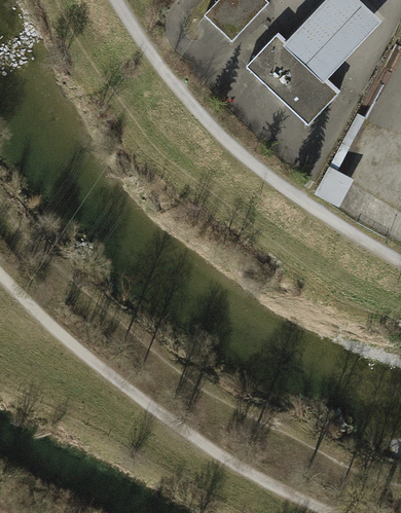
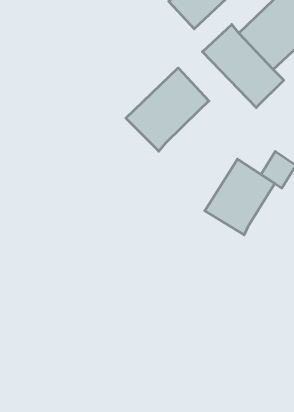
building: none -> [126,68,209,151]
building: none -> [205,159,275,235]

